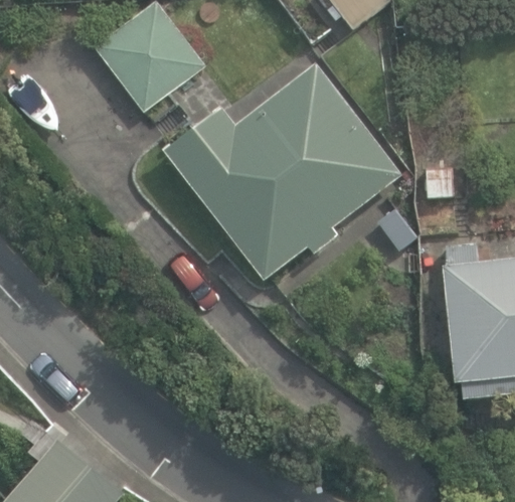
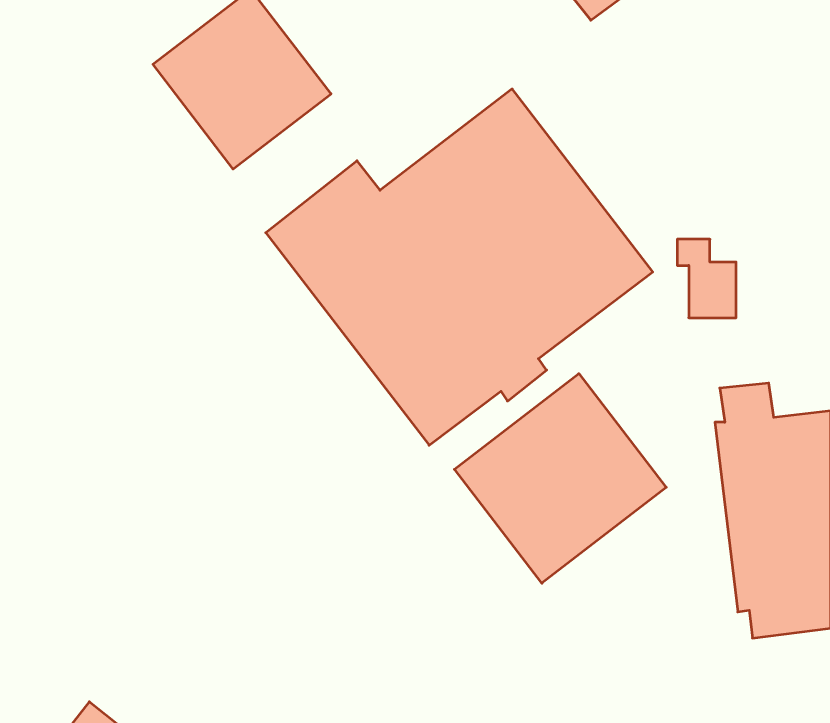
building: none -> [454,374,666,583]

